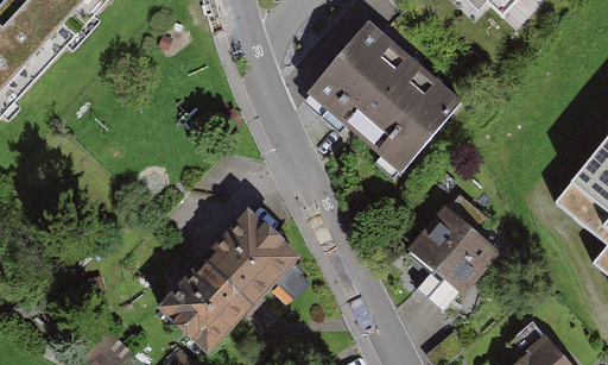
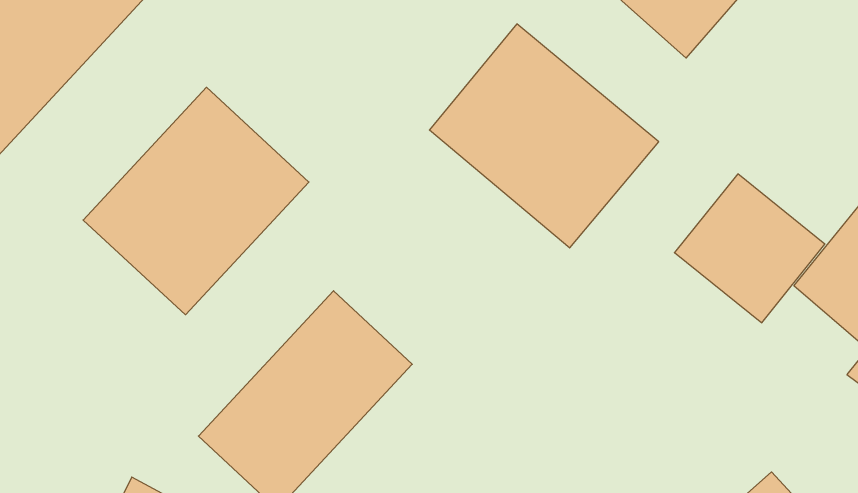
building: none -> [83,87,309,315]
building: [405,190,509,294] -> [674,174,825,323]

